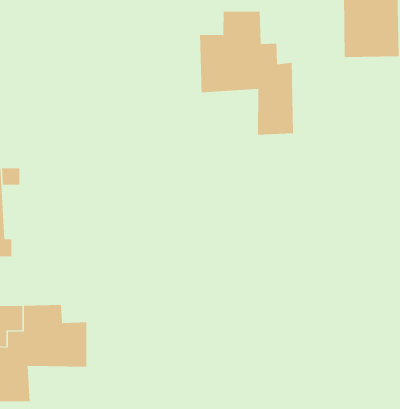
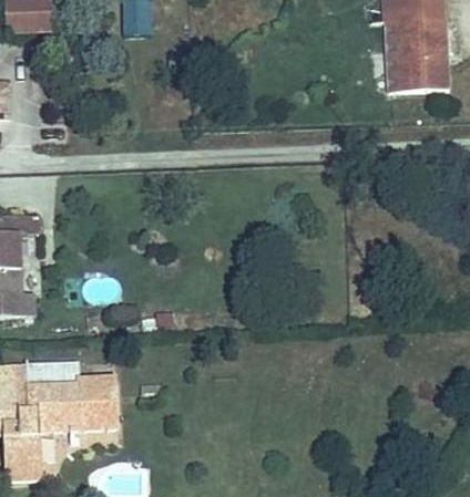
building: [199,11,294,135] -> none

